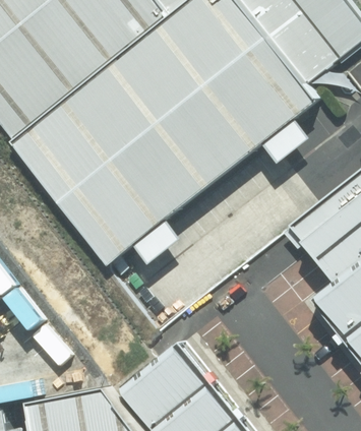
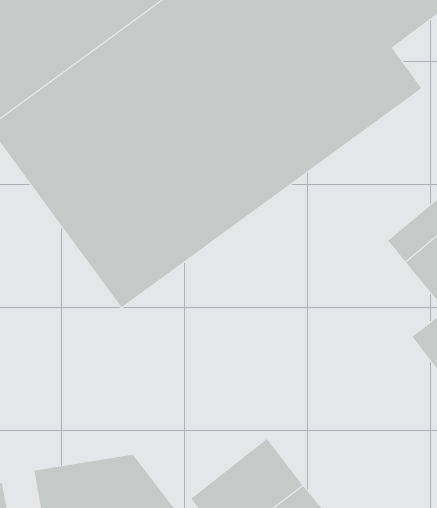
building: [125,337,210,419] -> none

